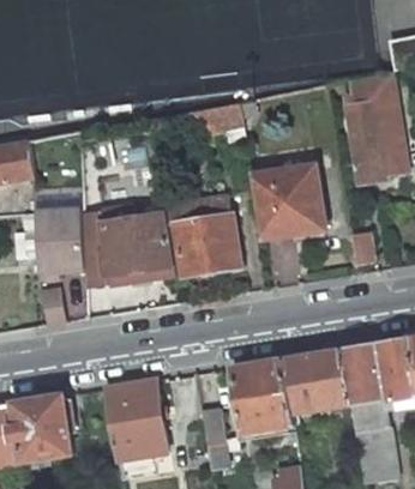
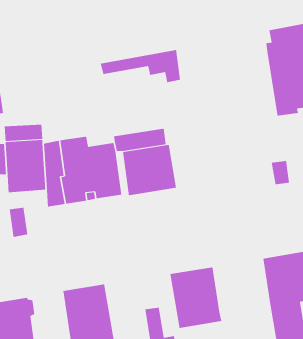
building: [253,165,326,237] -> none
building: [284,350,351,424] -> none

